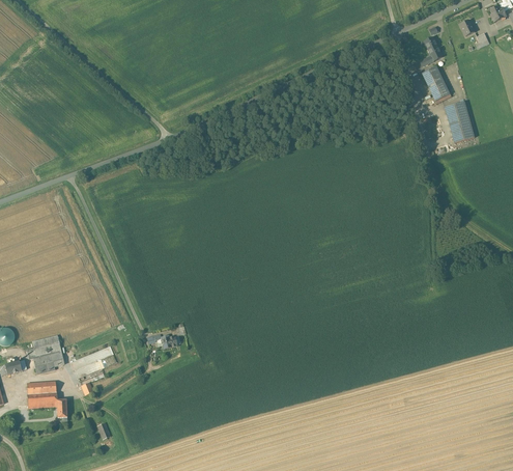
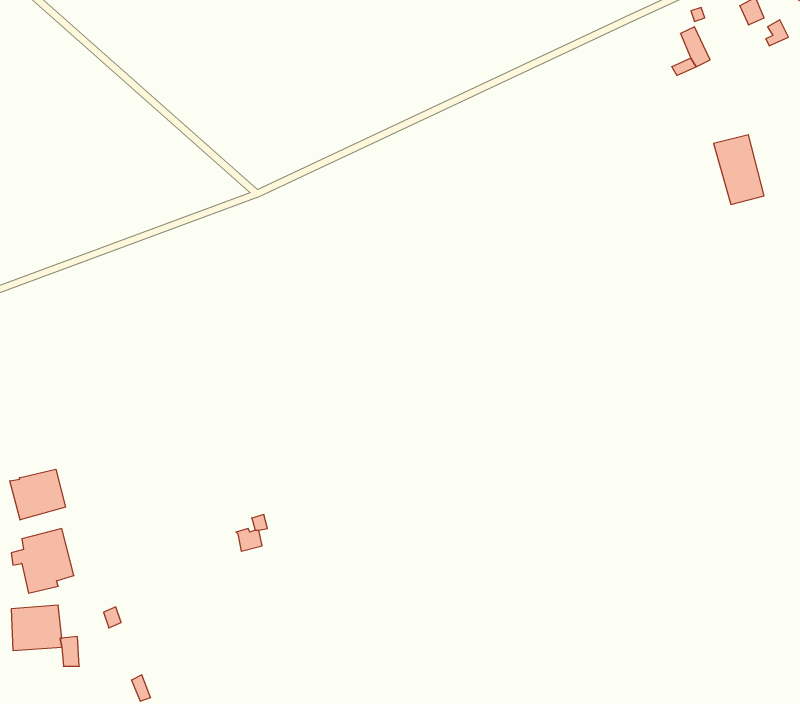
building: [421,65,449,101] -> none
building: none -> [10,469,65,520]

